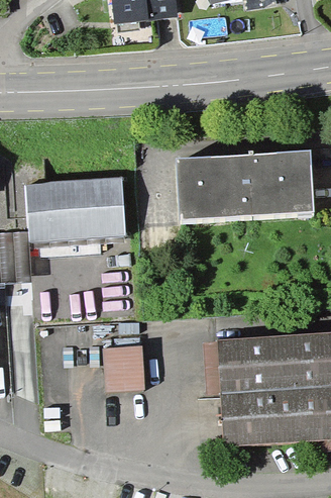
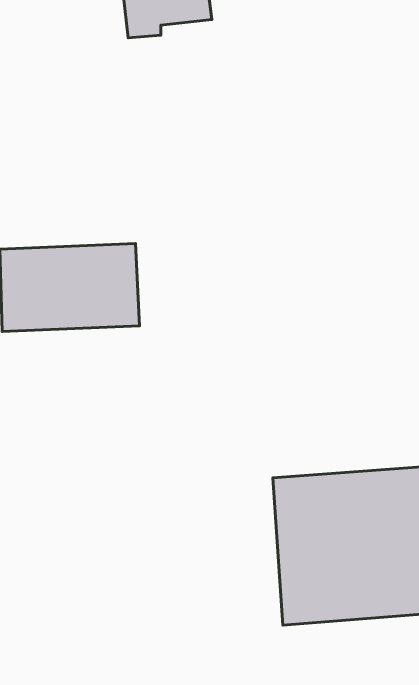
building: [175,146,314,221] -> none
building: [103,350,145,390] -> none

